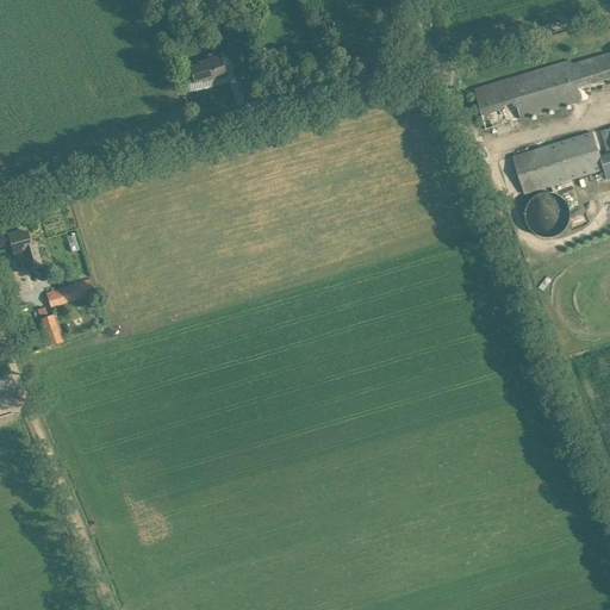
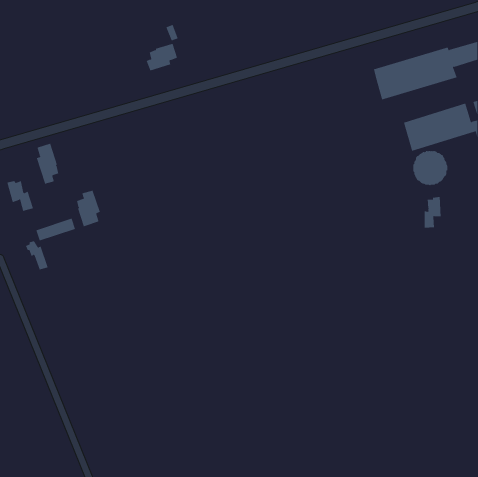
building: none -> [36,143,59,184]
building: none -> [77,190,101,227]
building: none -> [424,196,441,229]

